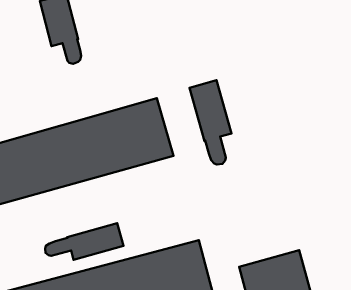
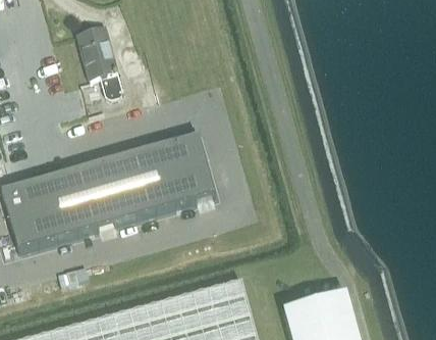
building: [189,80,231,165] -> none
building: [45,223,124,260] -> none

